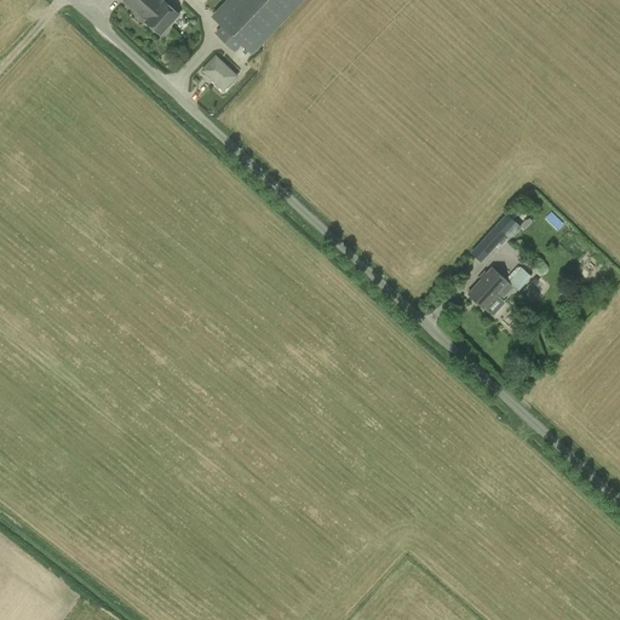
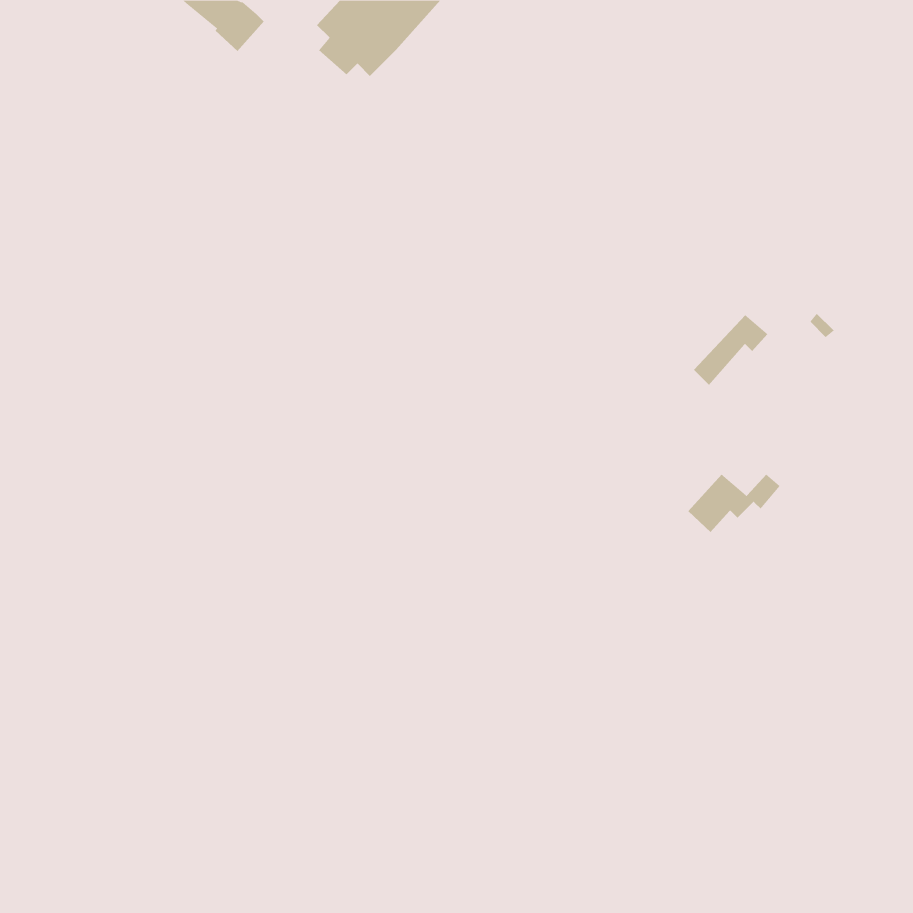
building: [201,56,237,92] -> none
building: [469,268,532,308] -> [687,474,780,533]

